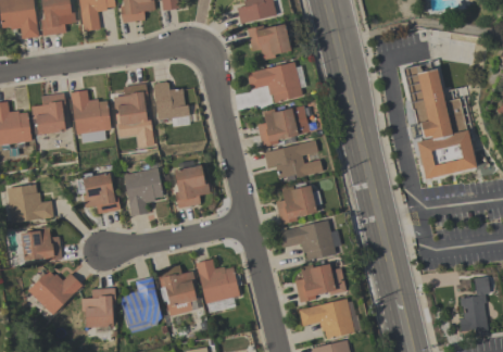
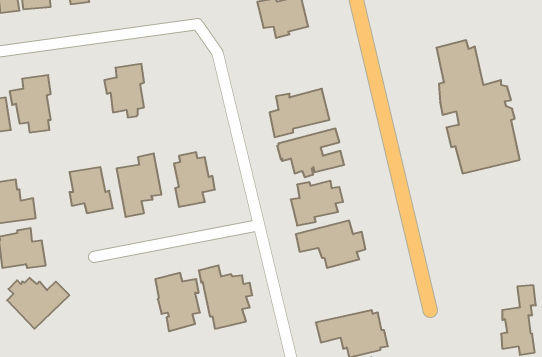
building: [246,61,306,102] -> none
building: [153,81,191,127] -> none
building: [71,89,111,142] -> none
building: [294,263,347,302] -> none
building: [121,276,162,326] -> none
building: [81,288,116,327] -> none

